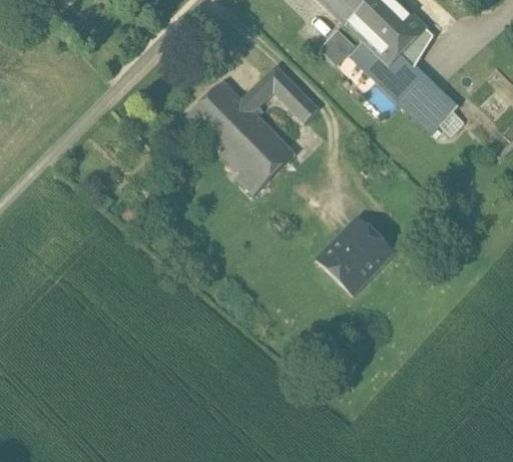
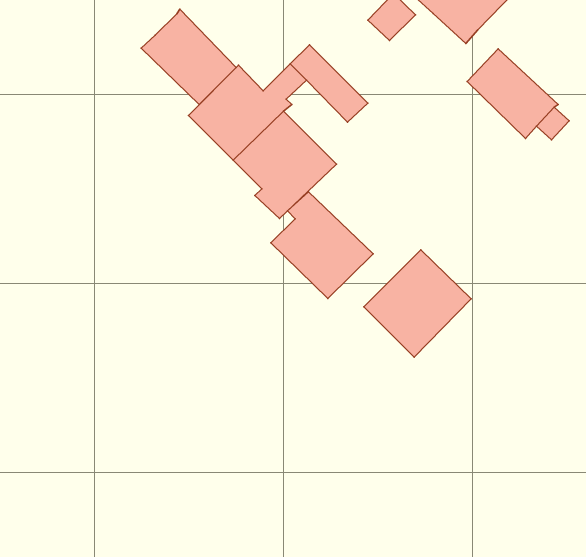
building: none -> [141,9,236,105]
building: [353,42,414,92] -> none
building: none -> [271,192,373,299]

